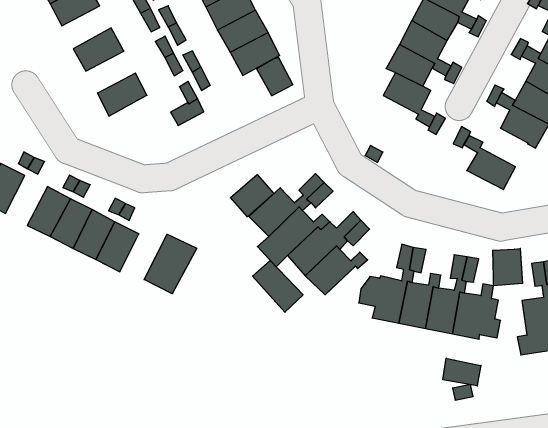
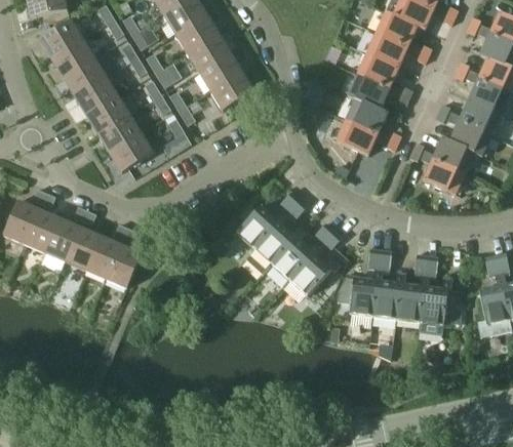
building: none -> [63,57,106,96]
building: none -> [86,95,129,133]
building: [256,57,293,96] -> none
building: none -> [109,132,153,172]
building: none -> [336,119,378,155]
building: none -> [433,136,474,173]
building: [231,175,274,217] -> none
building: none -> [25,209,60,252]
building: [144,234,197,294] -> none
building: [493,248,523,286] -> none
building: [253,260,303,312] -> none
building: [443,358,481,386] -> none

